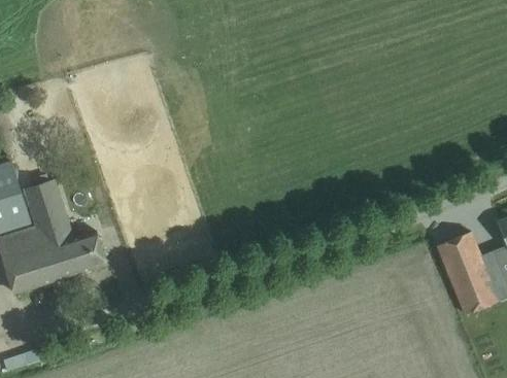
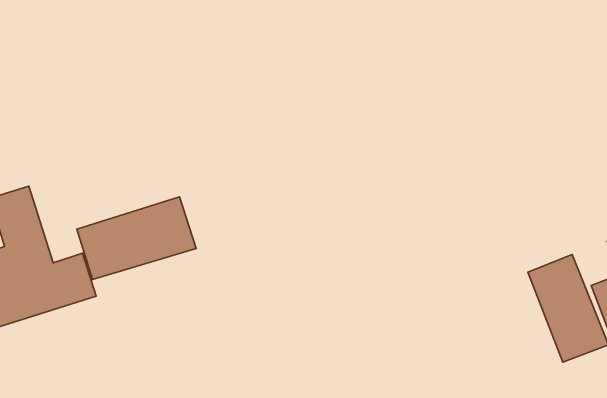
building: none -> [77,197,196,280]

